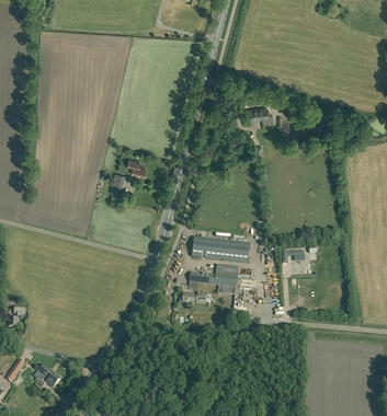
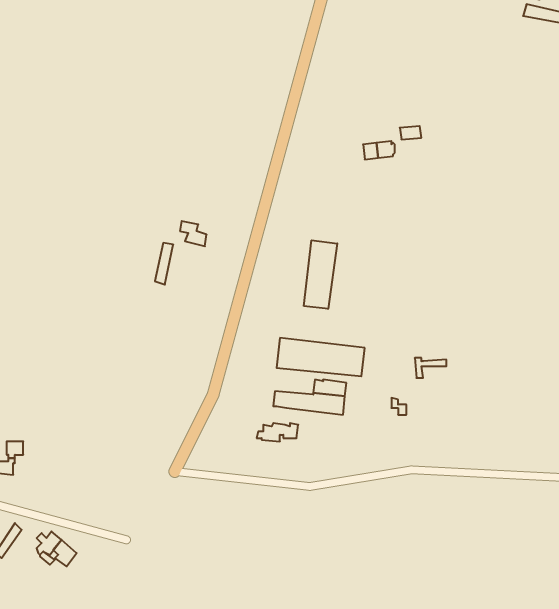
building: none -> [304,240,337,309]

